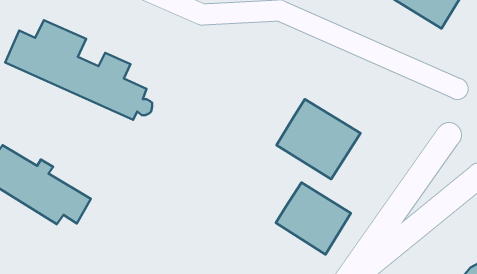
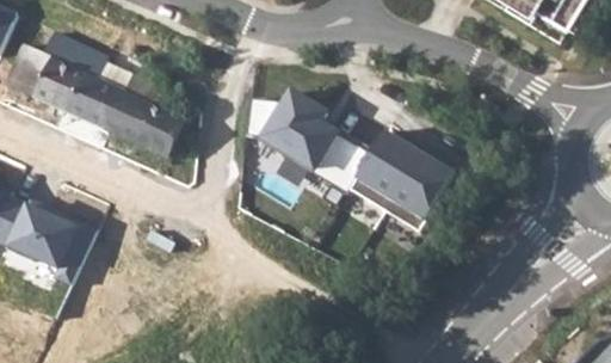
building: none -> [249,91,375,193]
building: [276,183,351,254] -> none

